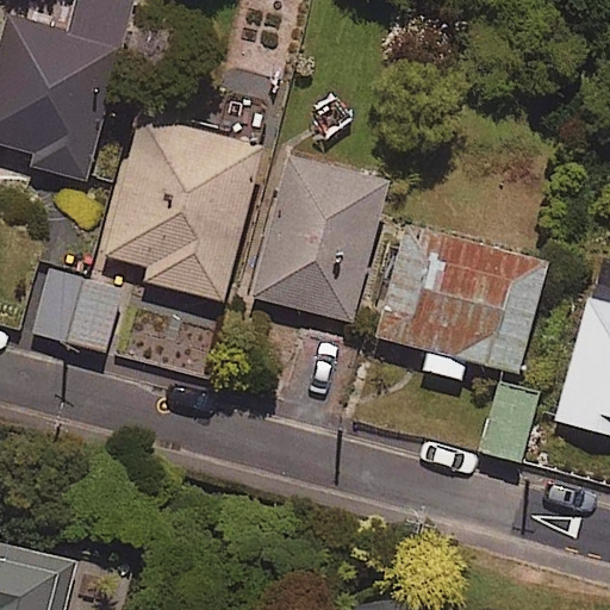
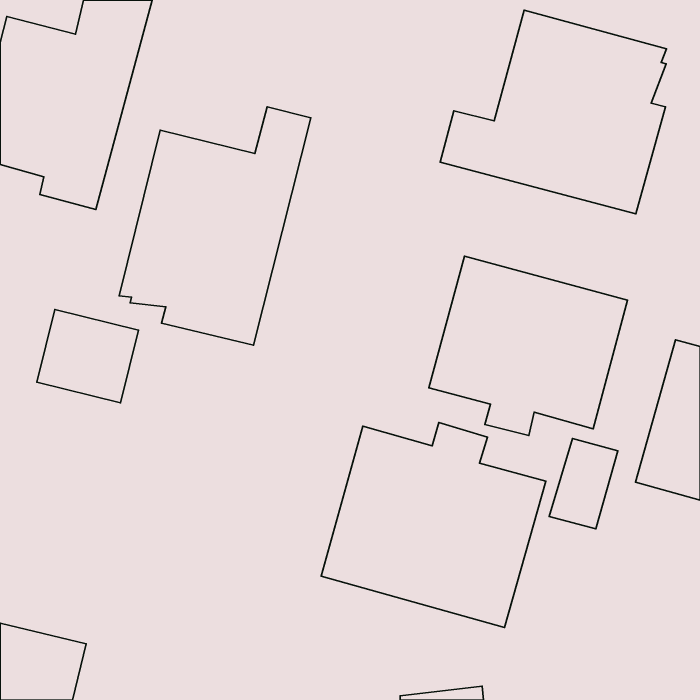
building: none -> [440,10,666,214]
building: [251,155,386,322] -> none
building: none -> [321,422,546,627]

